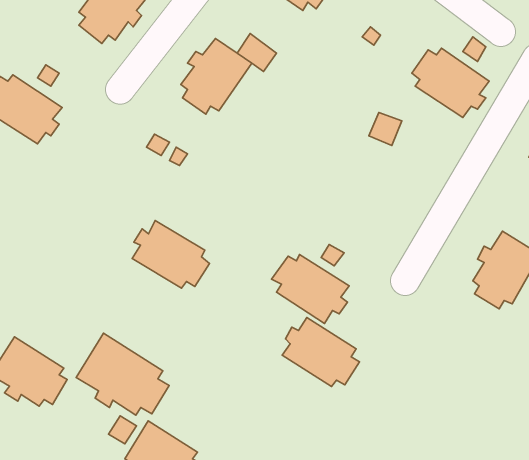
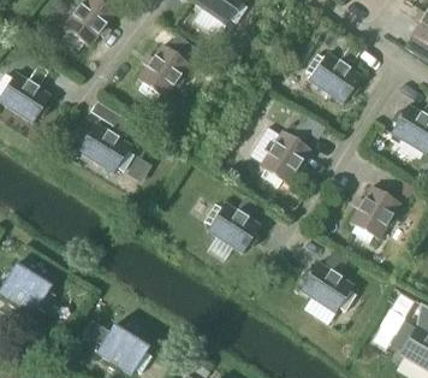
building: none -> [260,129,310,185]
building: [132,221,210,288] -> [77,122,133,171]
building: [282,317,360,387] -> [299,260,356,311]
building: [76,333,169,415] -> none

